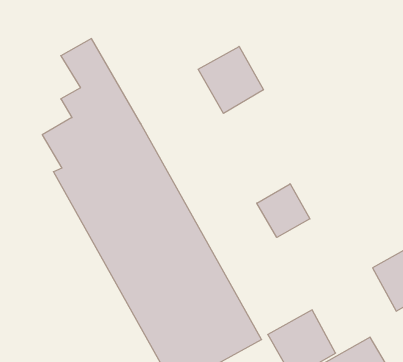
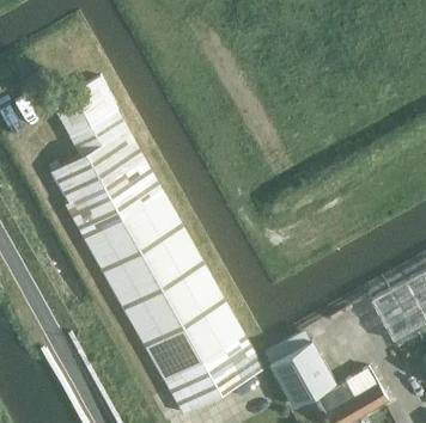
building: [198,46,263,113] -> none
building: [257,184,310,237] -> none

